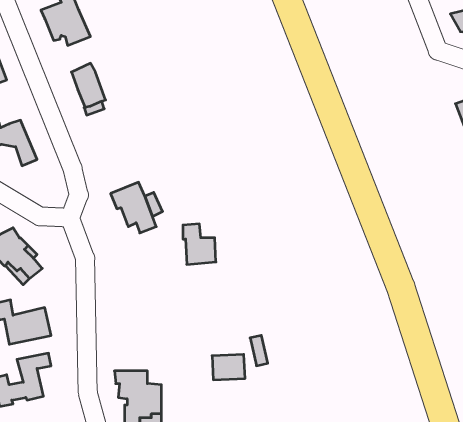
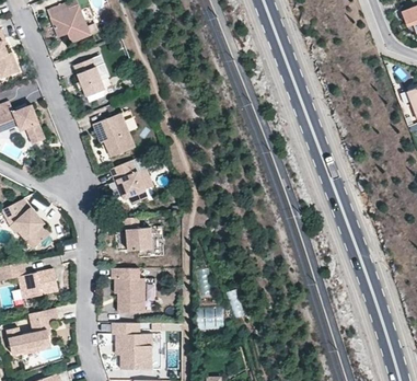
building: none -> [94,112,136,155]
building: [183,224,216,264] -> [124,216,152,251]
building: none -> [112,267,144,311]

